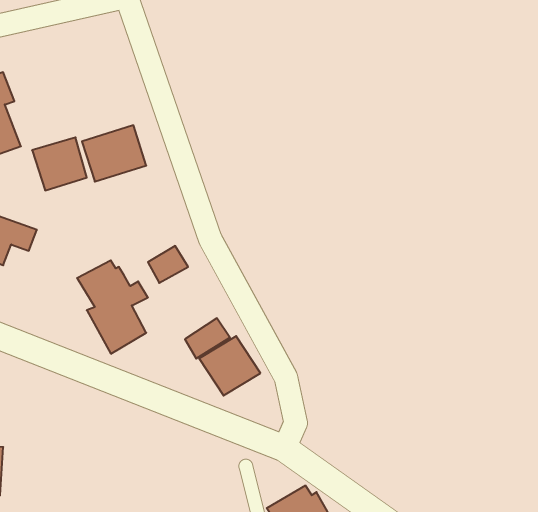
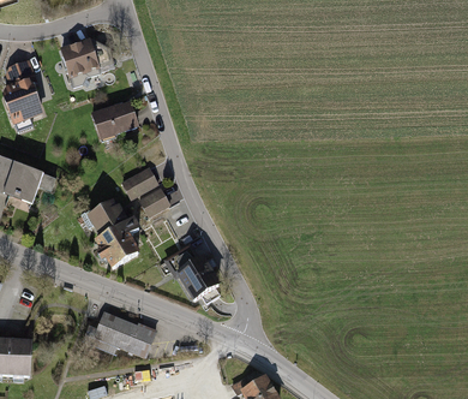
building: [32,137,87,190] -> [58,38,98,78]
building: none -> [120,167,158,201]
building: none -> [88,308,160,356]

